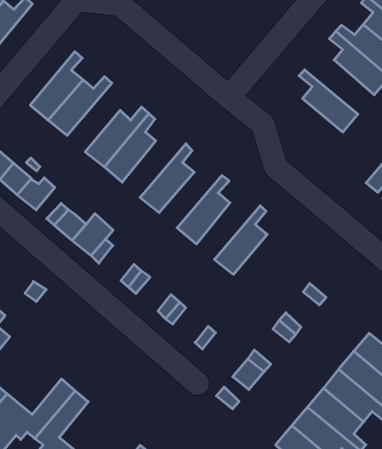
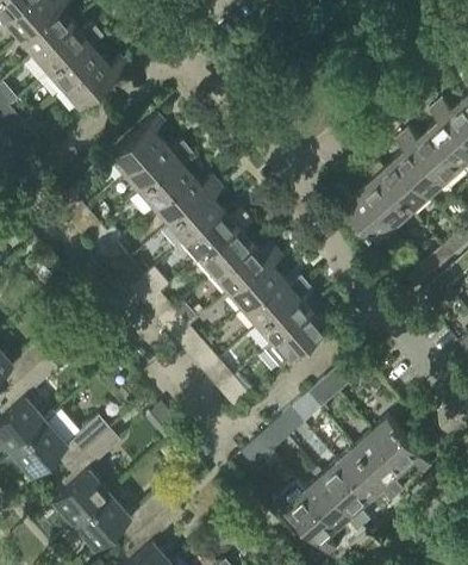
building: none -> [368,160,429,215]
building: none -> [139,150,194,210]
building: none -> [335,190,394,244]
building: none -> [183,210,248,260]
building: none -> [213,244,276,293]
building: none -> [243,278,307,328]
building: none -> [273,312,336,362]

